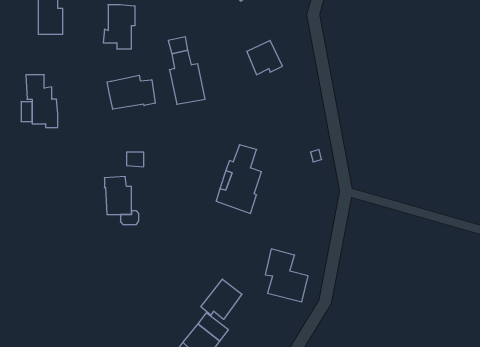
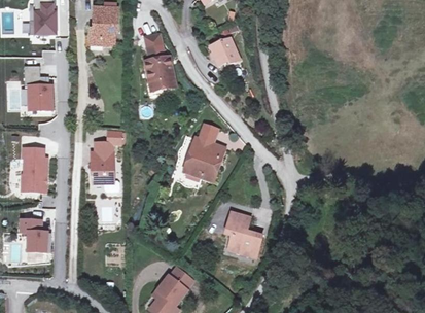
building: [107,75,155,109] -> none
building: none -> [22,143,46,190]
building: none -> [20,219,47,252]
building: [201,279,242,319] -> none

